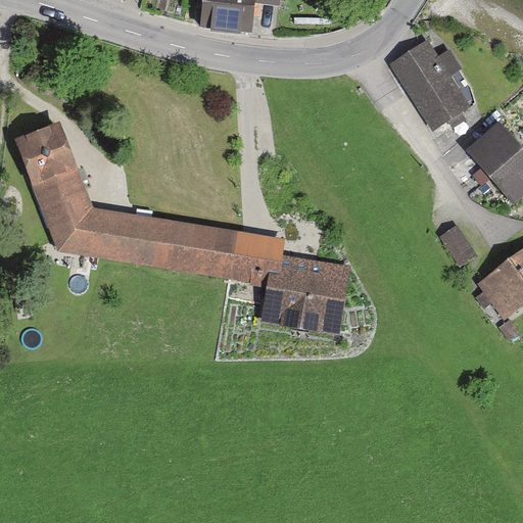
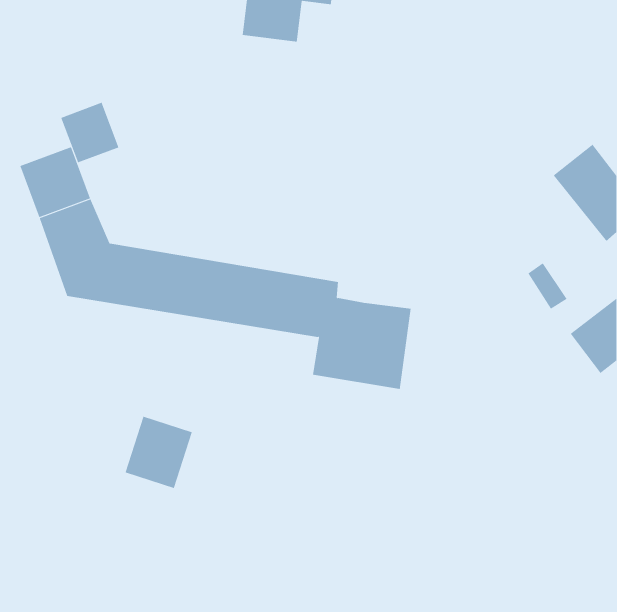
building: [388,41,470,129] -> none
building: none -> [61,102,119,163]
building: none -> [125,416,192,489]

